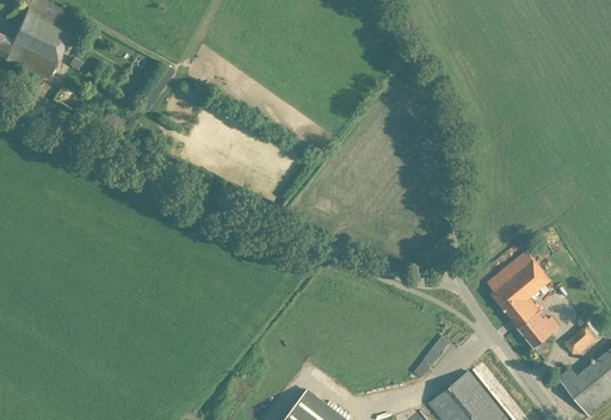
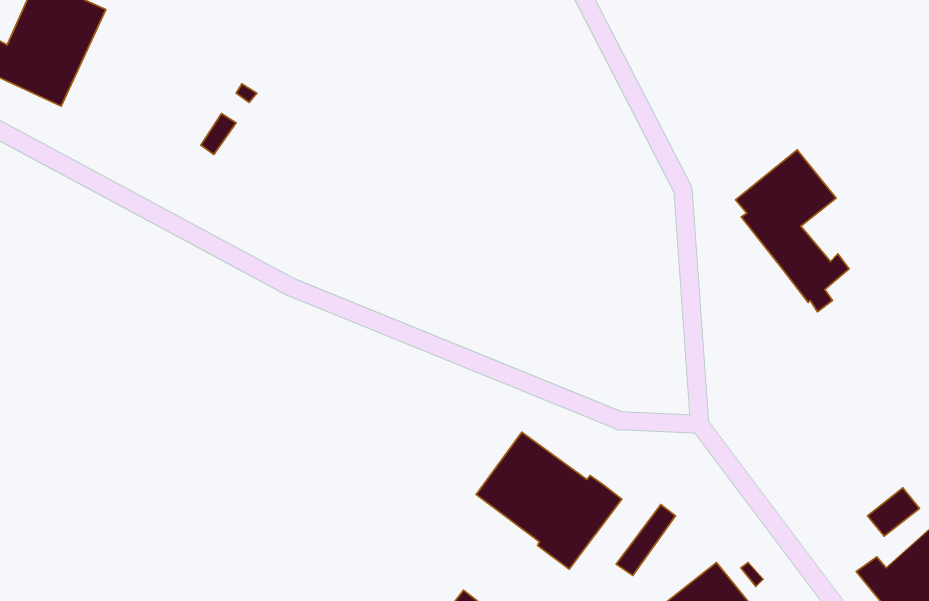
building: [487,251,560,354] -> [736,150,849,312]
building: none -> [476,432,622,569]

